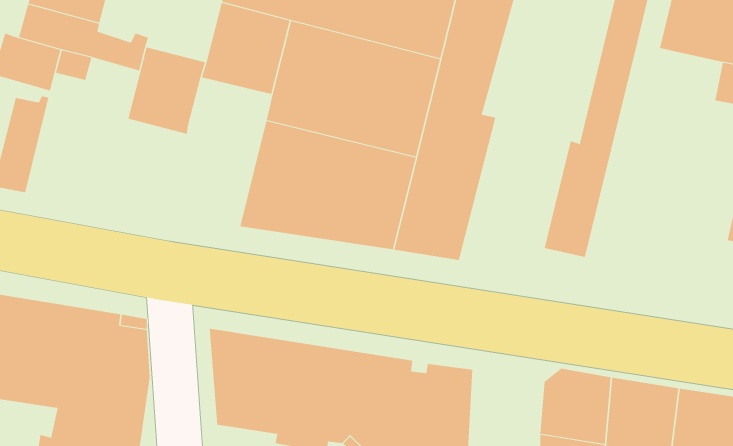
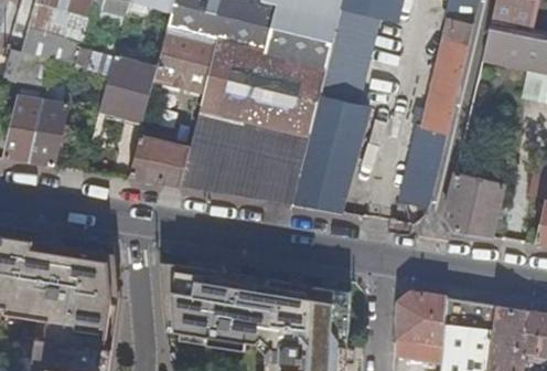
building: none -> [28,96,68,168]
building: none -> [128,116,191,189]
building: none -> [444,174,503,237]

